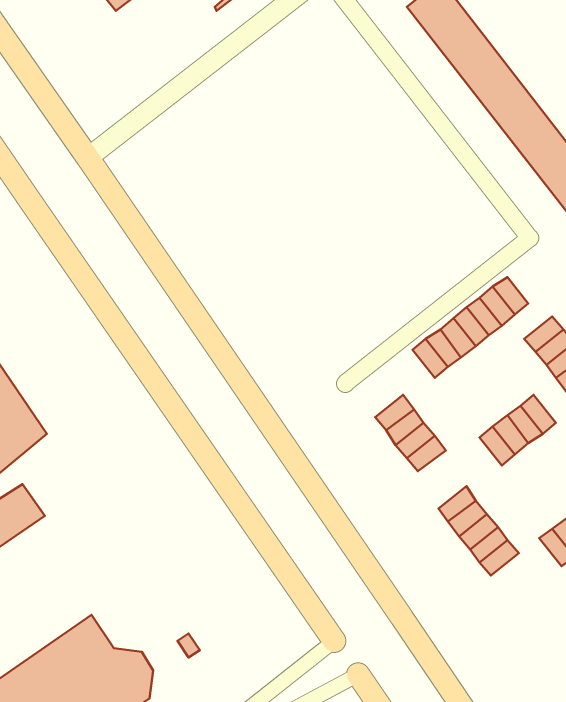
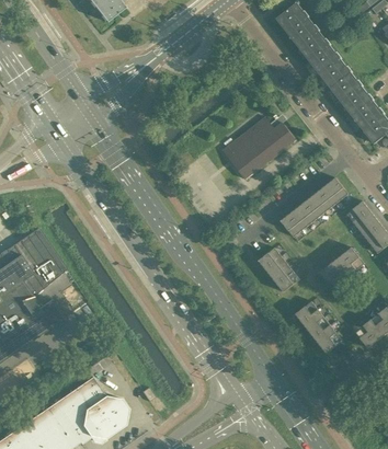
building: none -> [222,116,298,184]

